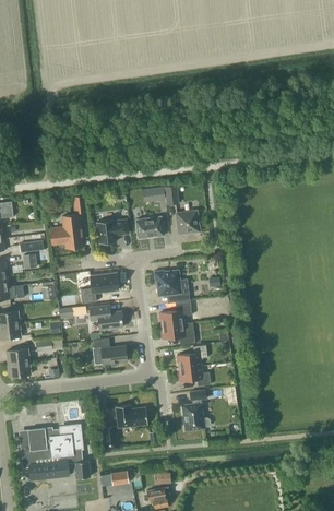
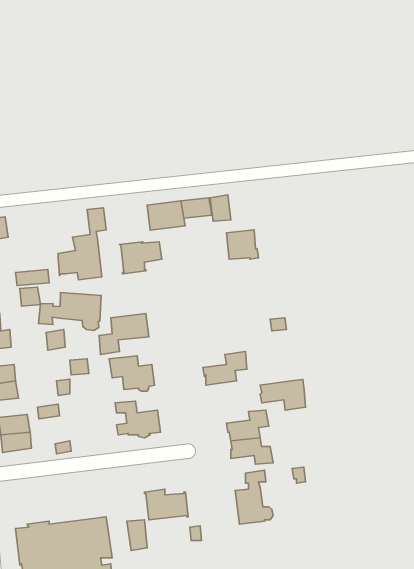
building: [135,216,164,238] -> [147,201,185,230]
building: none -> [39,293,101,331]
building: [153,270,189,302] -> none
building: [160,322,194,345] -> [260,379,306,410]

